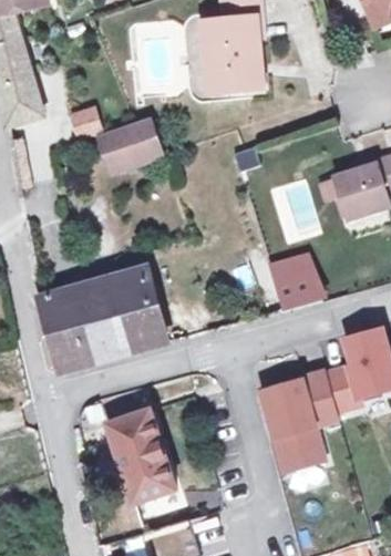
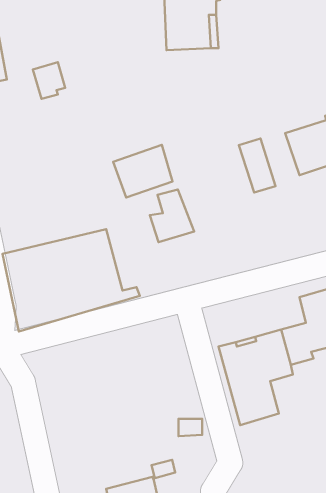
building: [107,110,168,164] -> [113,145,172,198]
building: [276,257,321,311] -> [150,189,194,242]
building: [99,394,169,507] -> none

